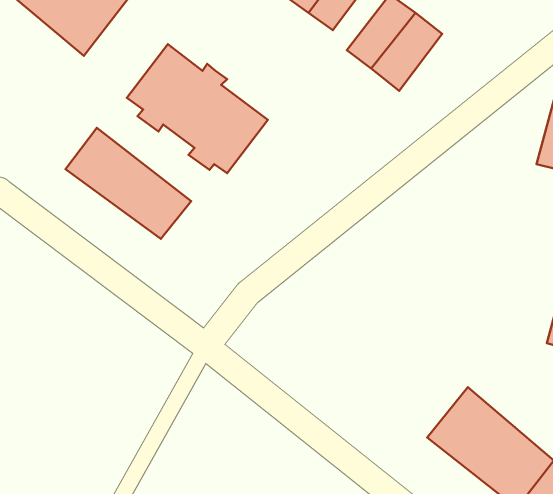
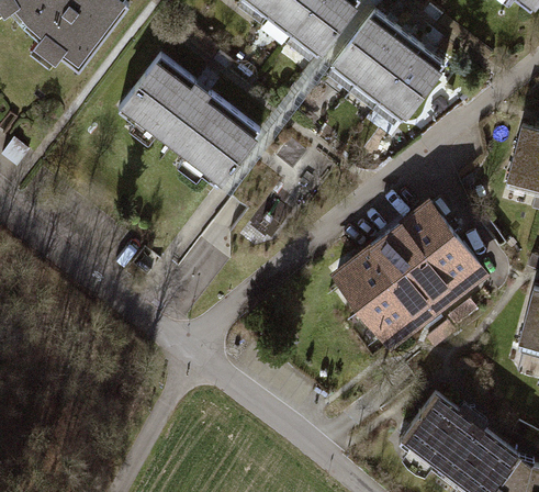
building: none -> [378,55,441,125]
building: [65,128,191,239] -> none
building: none -> [326,198,492,337]

